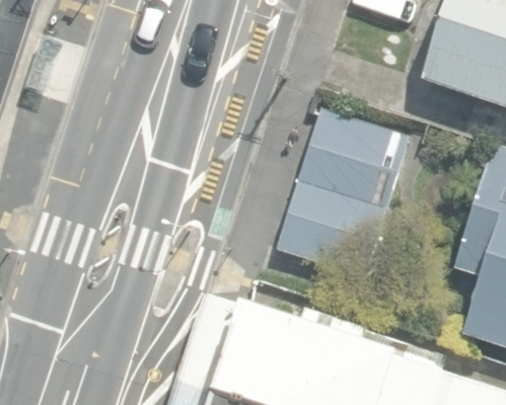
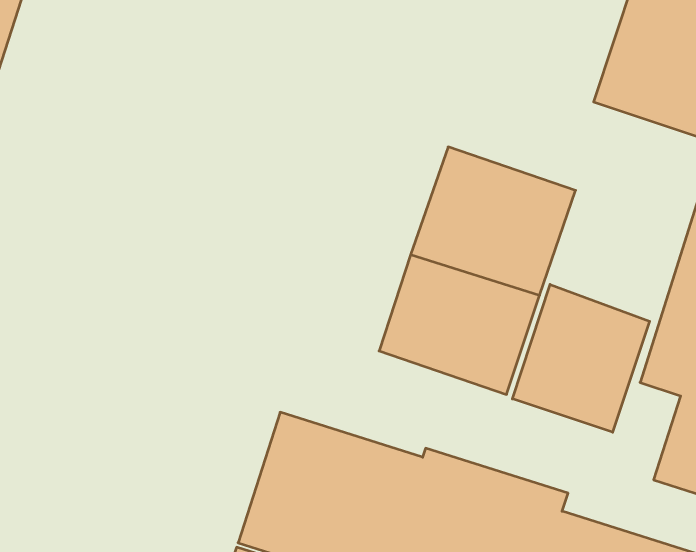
building: none -> [512,284,650,432]

